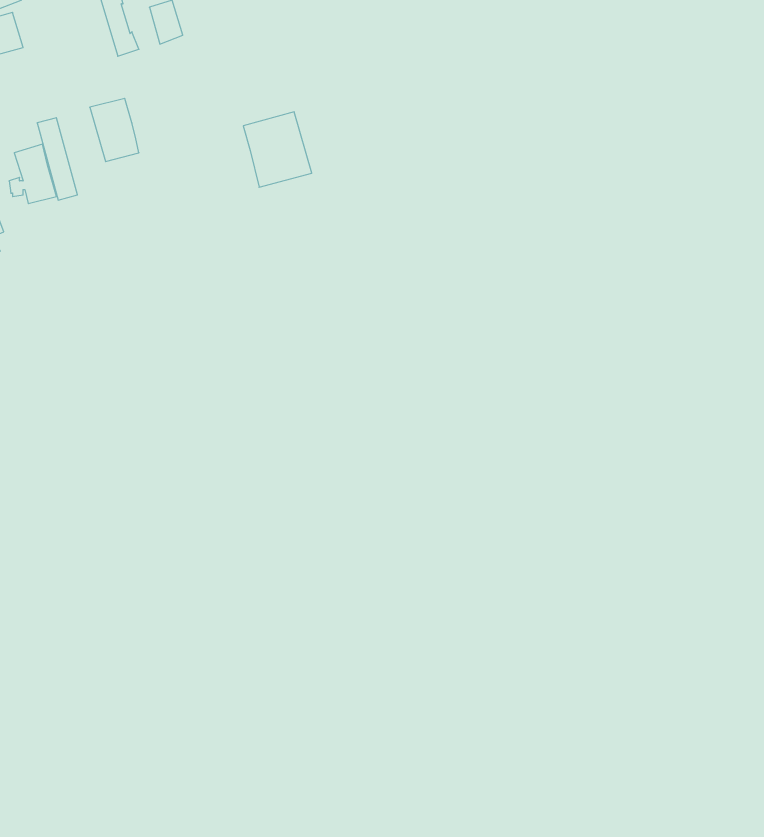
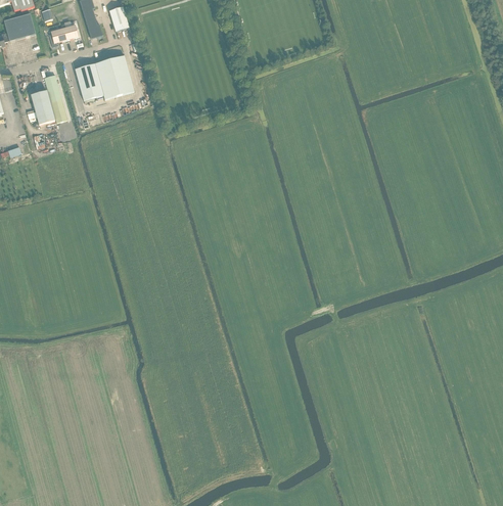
building: none -> [48,24,78,46]
building: [243,112,312,187] -> [94,54,134,98]

